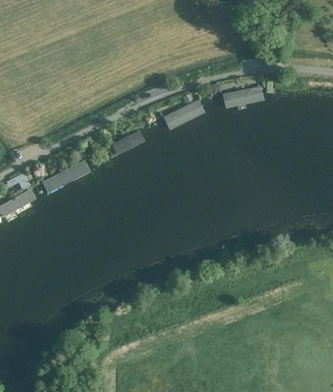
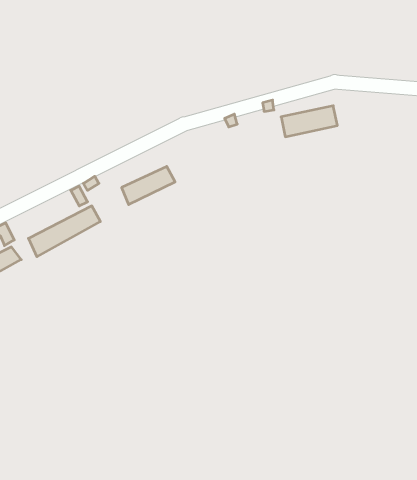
building: [165,101,207,133] -> none

